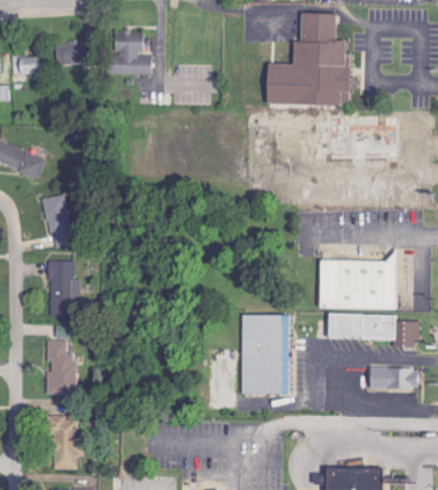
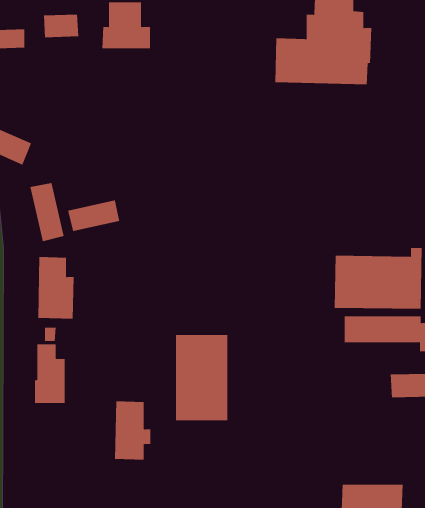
building: none -> [68,199,120,232]
building: [242,315,289,393] -> [175,334,228,421]
building: [51,415,84,469] -> [114,401,151,460]

